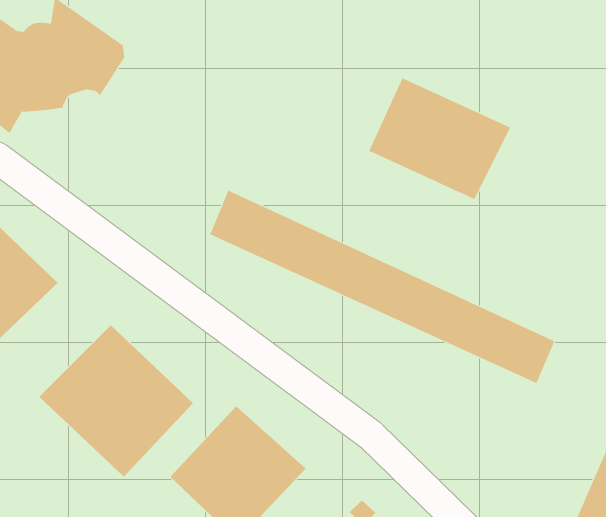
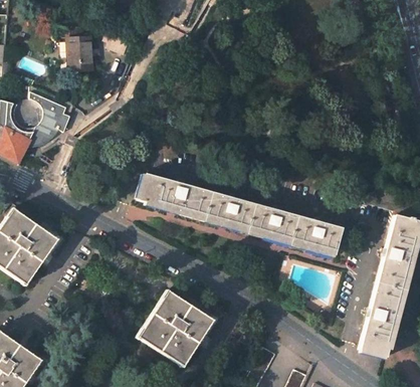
building: [369,78,511,200] -> none
building: [38,324,194,477] -> none

